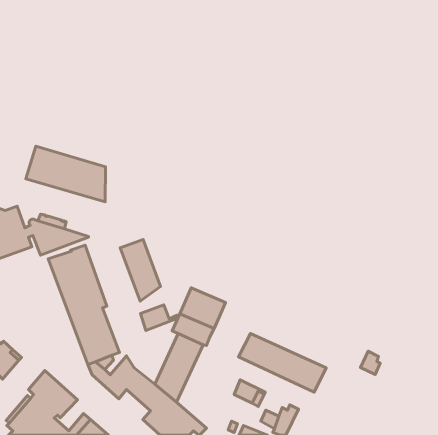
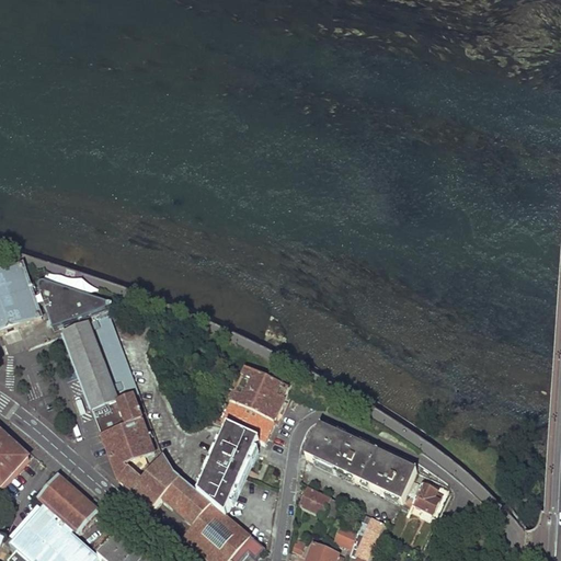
building: [26,146,105,202] -> none
building: [120,240,160,301] -> none
building: [141,305,178,330] -> none
building: [360,351,380,374] -> [413,483,438,513]

